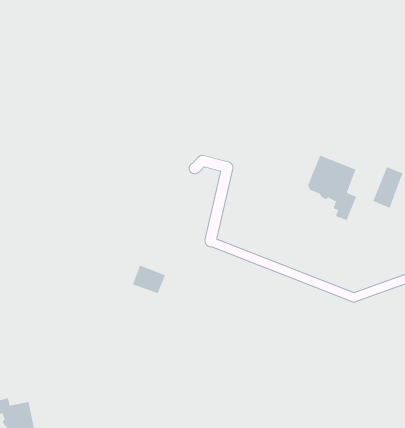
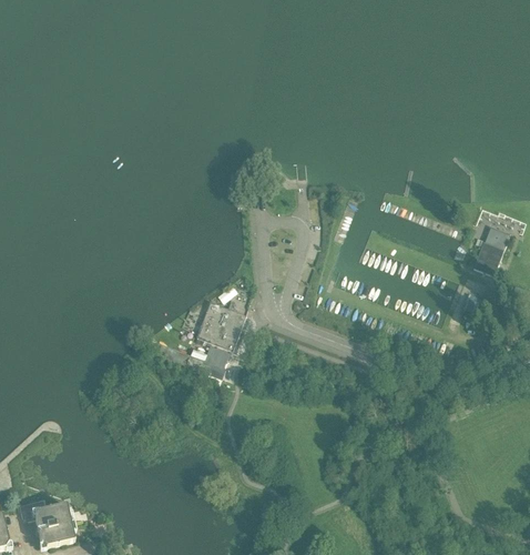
building: [308,155,357,221] -> none
building: none -> [198,299,247,351]

